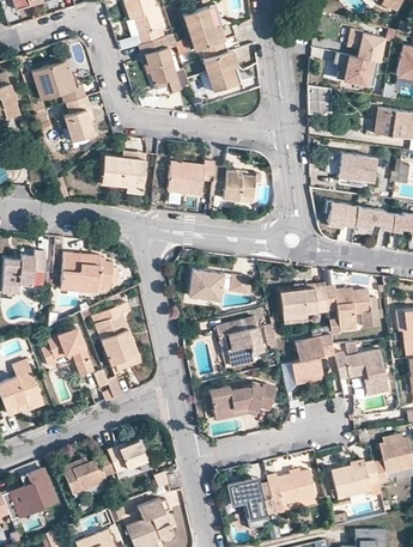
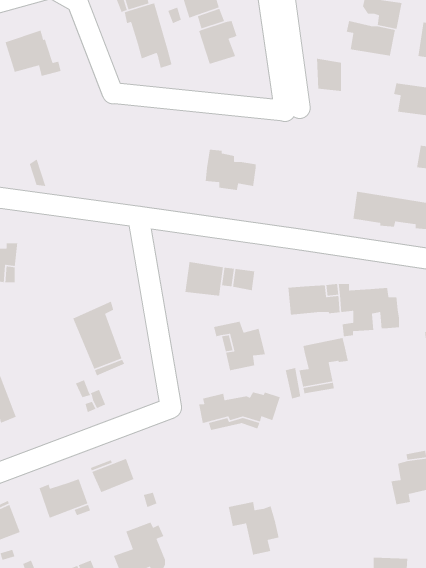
building: [63,96,93,142] -> none
building: [327,153,377,183] -> none
building: [102,154,144,193] -> none
building: [166,162,213,196] -> none
building: [61,251,114,292] -> none
building: [41,327,92,375] -> none
building: [336,348,389,393] -> none
building: [332,460,378,498] -> none
building: [267,469,316,510] -> none

